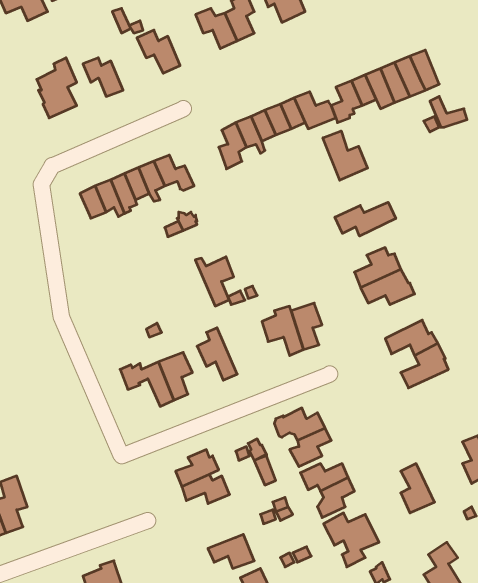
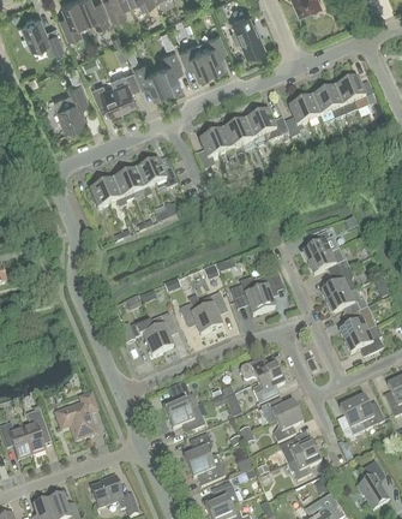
building: none -> [157,49,181,89]
building: none -> [113,70,139,108]
building: [323,131,368,180] -> none
building: [335,202,396,236] -> none
building: [195,257,234,306] -> [196,291,226,329]
building: none -> [320,267,355,302]
building: none -> [344,326,383,354]
building: none -> [56,393,96,437]
building: none -> [350,394,384,429]
building: none -> [184,432,212,465]

